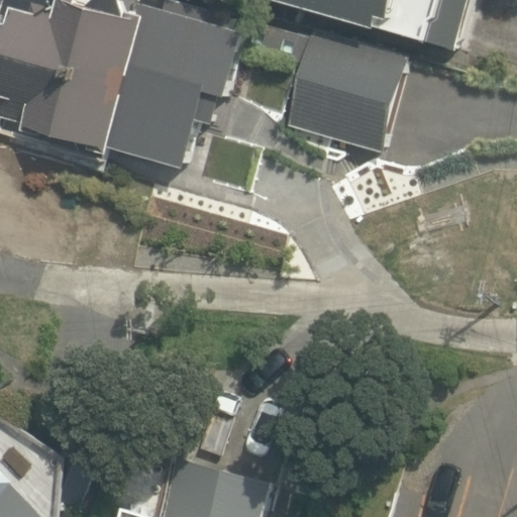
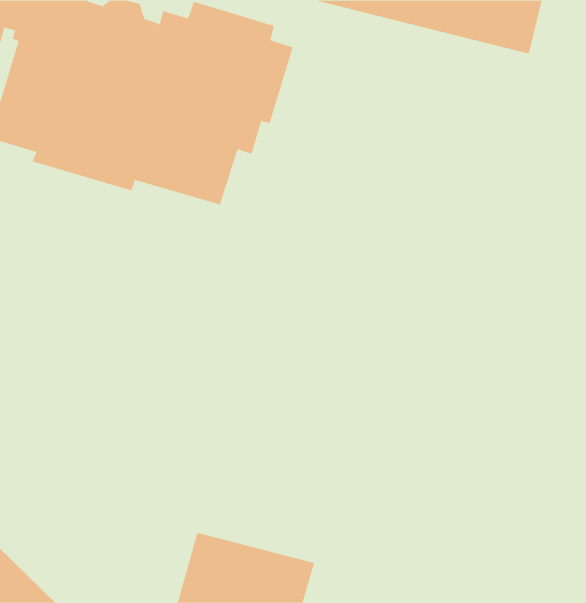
building: [280,29,406,152] -> none

